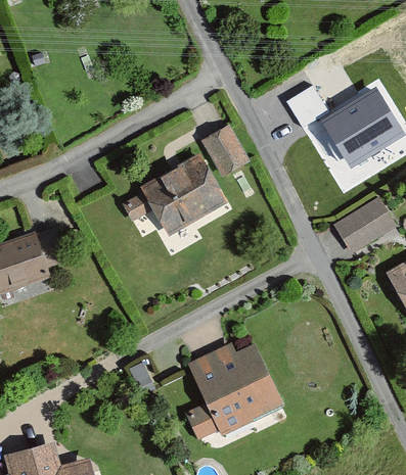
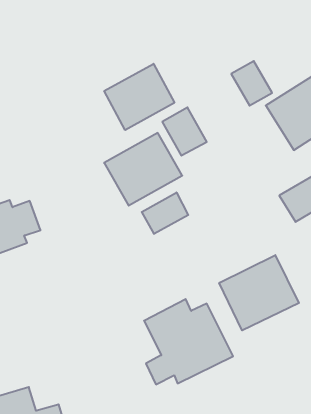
building: none -> [104,64,174,130]
building: none -> [142,192,188,234]
building: none -> [219,255,299,330]

